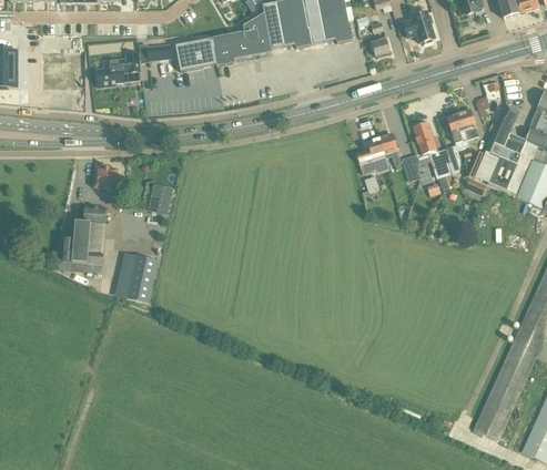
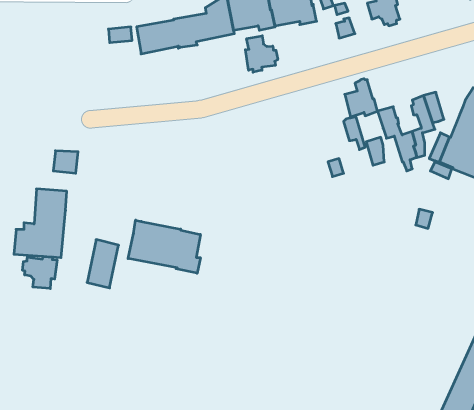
building: [95,51,140,86] -> none
building: none -> [245,36,278,72]
building: [357,136,389,174] -> [345,79,377,117]
building: [149,184,172,213] -> none
building: none -> [128,220,200,273]
building: none -> [23,256,57,289]

